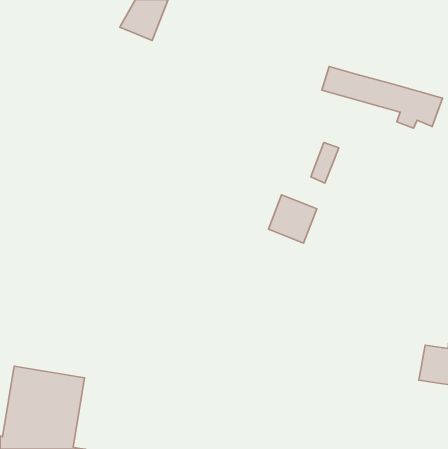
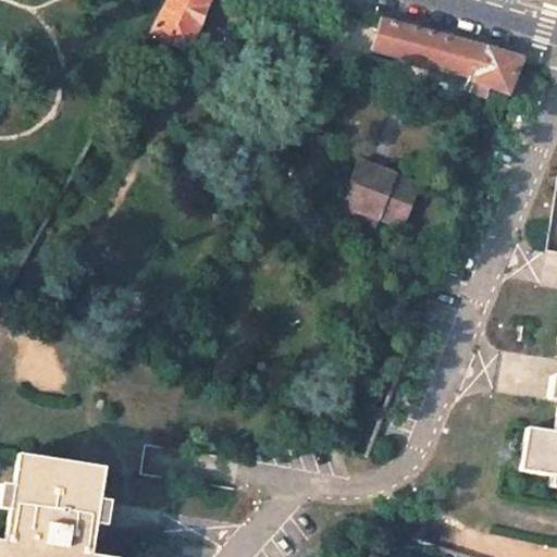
building: [322,67,443,128] -> [374,18,523,95]
building: [268,195,317,243] -> [343,159,403,219]

